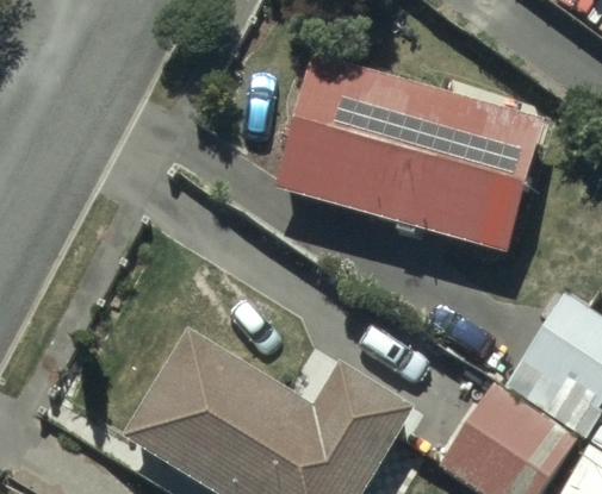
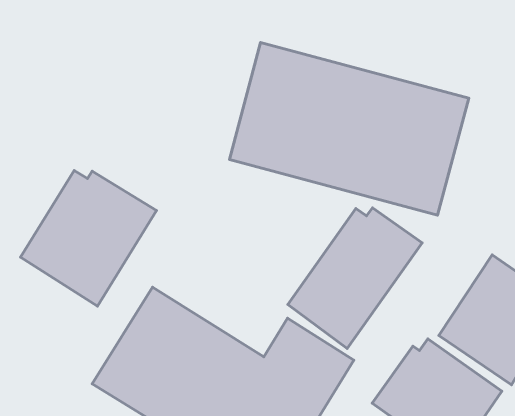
building: none -> [21,170,156,306]
building: none -> [288,208,422,348]

